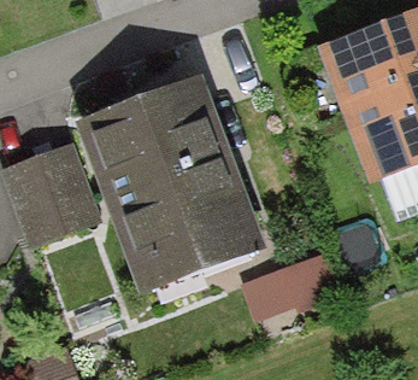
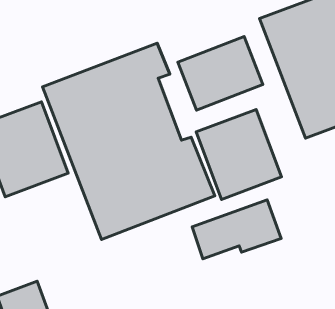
building: none -> [178,37,263,110]
building: none -> [196,109,281,199]

